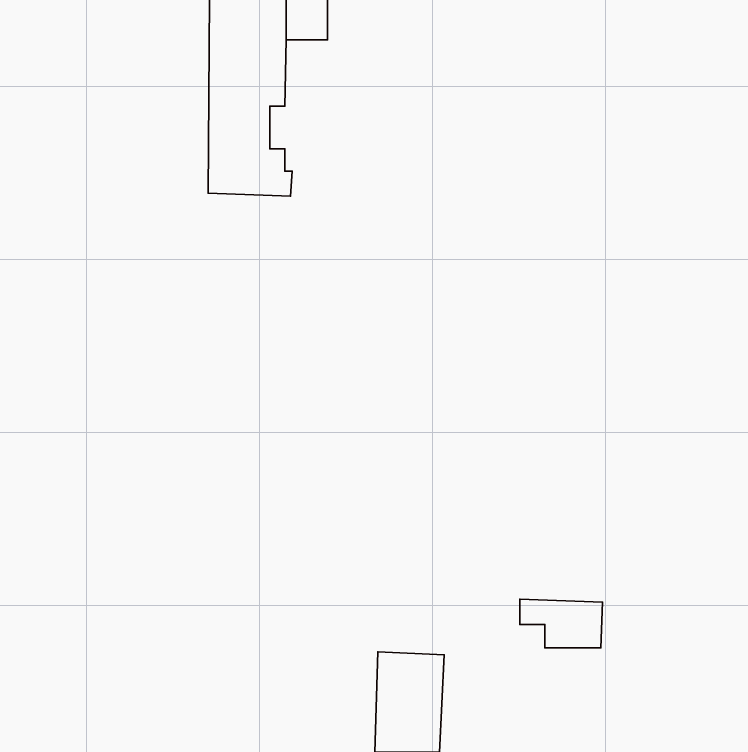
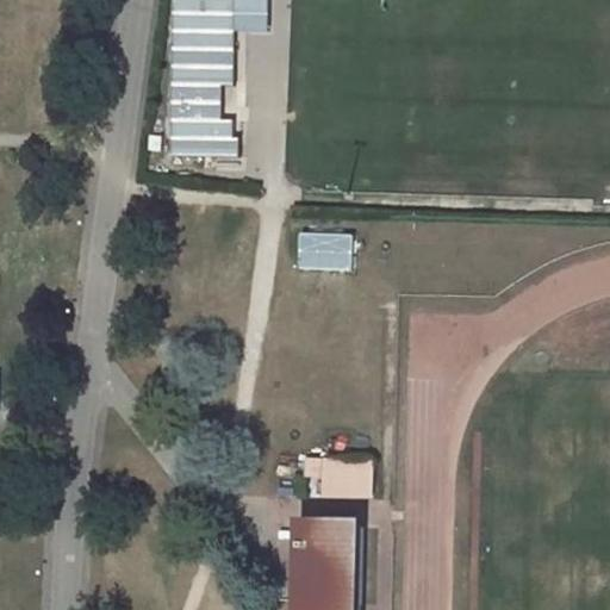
building: none -> [298,232,351,269]
building: [520,599,602,648] -> [300,456,367,496]

